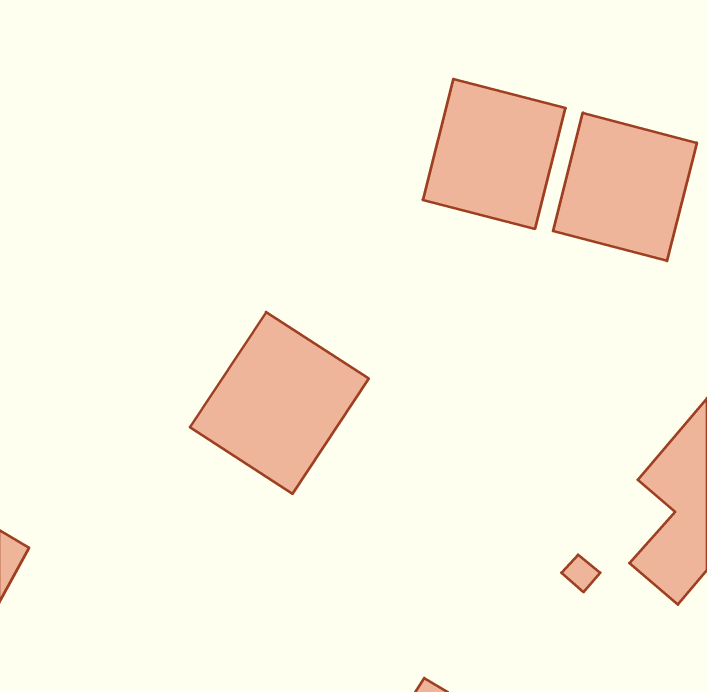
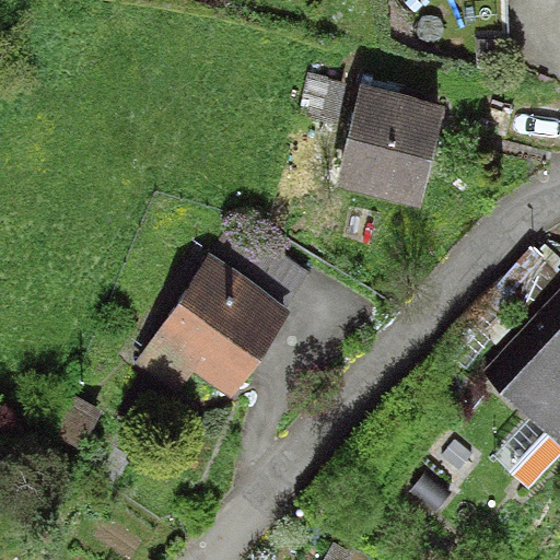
building: [553,113,697,261] -> none

